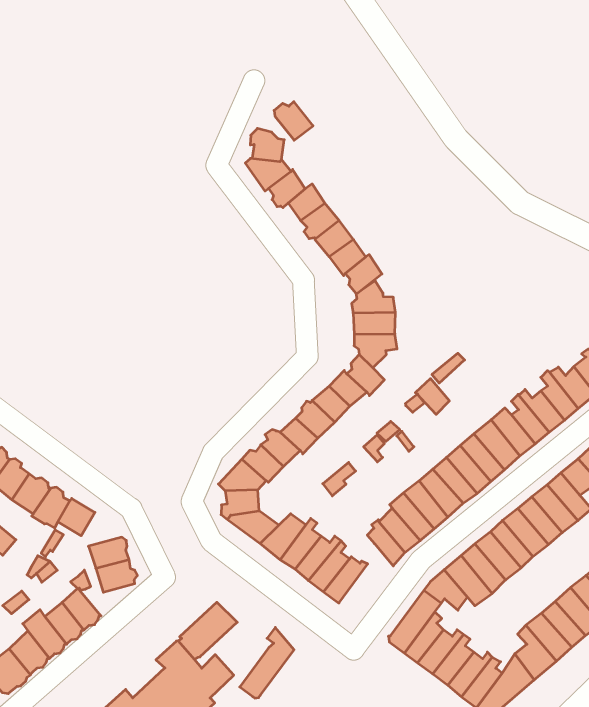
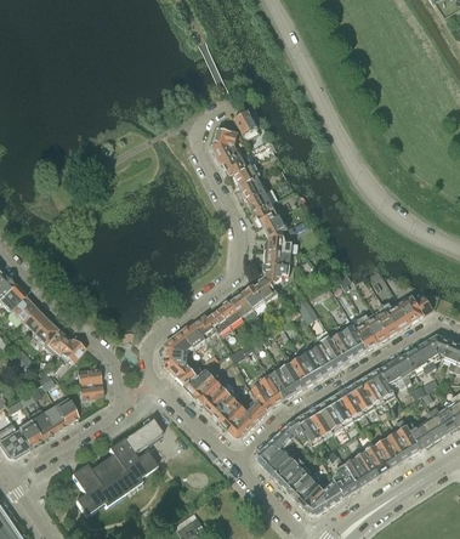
building: [240,627,294,698] -> [228,396,266,438]

